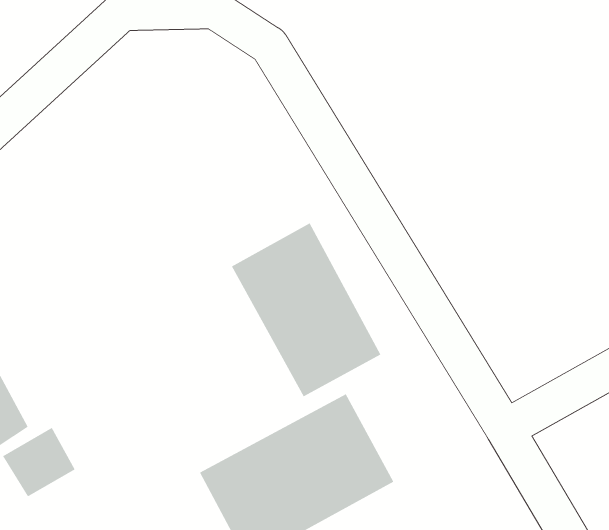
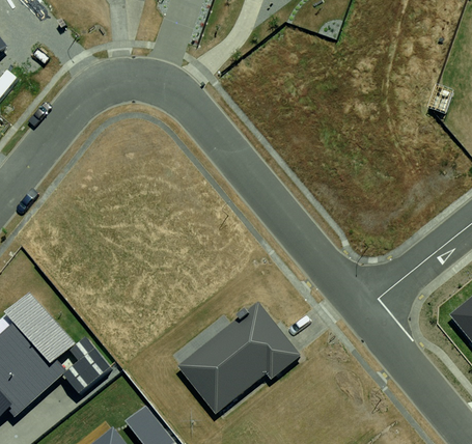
building: [231,222,381,397] -> none

